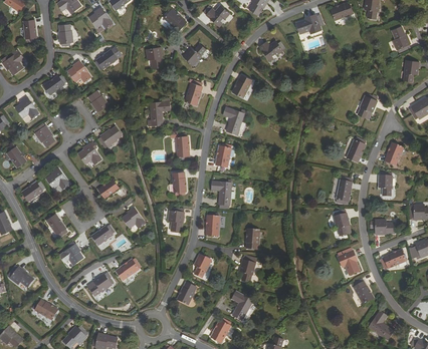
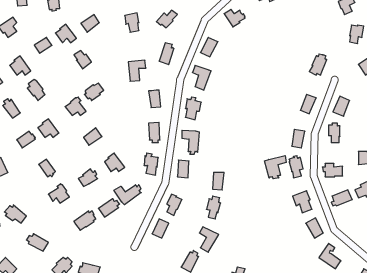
building: none -> [265,156,286,179]
building: none -> [114,185,141,205]

